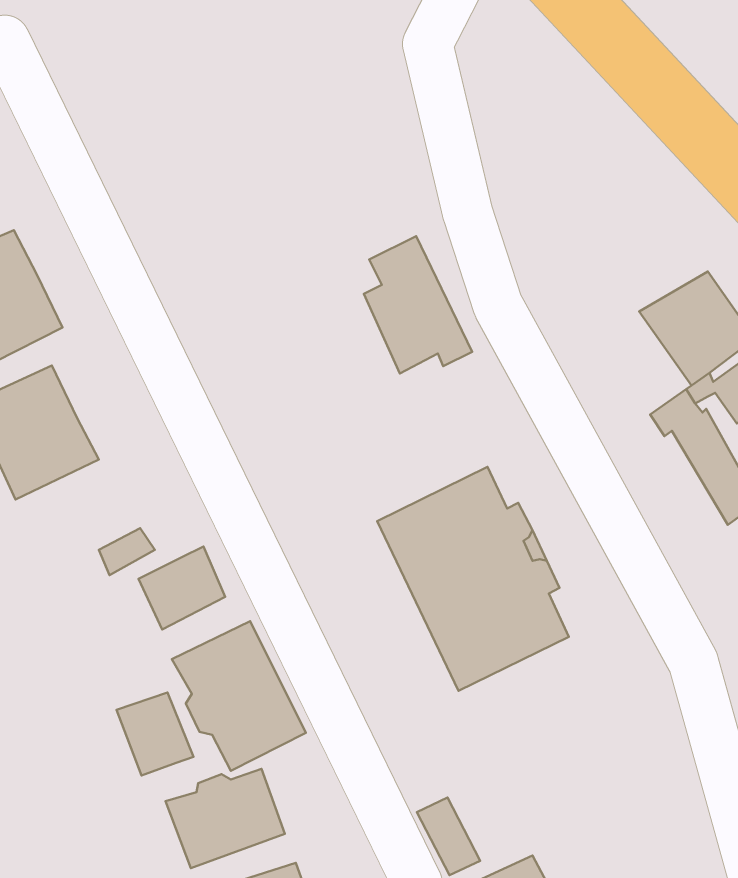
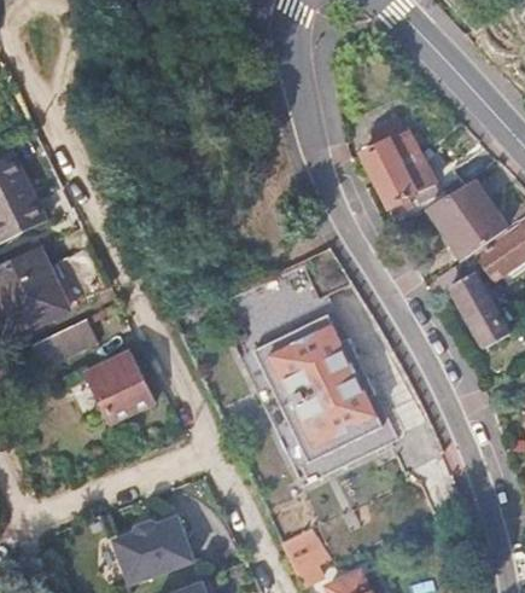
building: [364,236,472,373] -> [363,116,436,208]
building: none -> [31,320,97,365]
building: [172,621,306,771] -> none
building: [116,692,193,776] -> none

